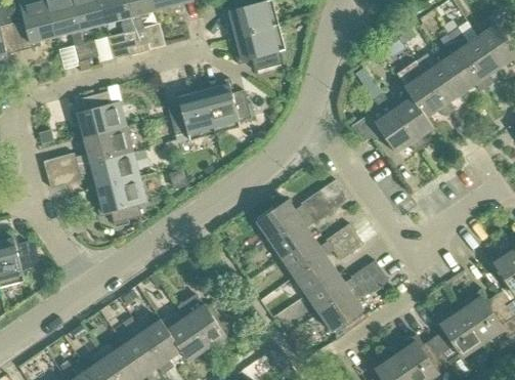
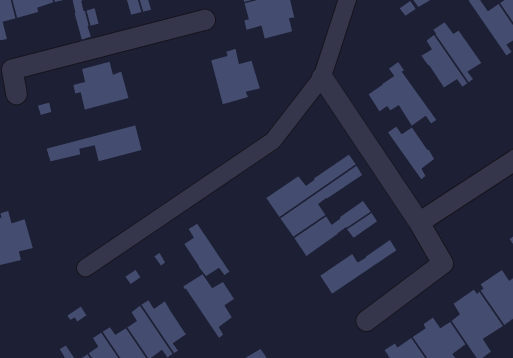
building: [440,41,485,93] -> none
building: [168,90,215,139] -> none
building: [387,95,433,147] -> [387,126,435,181]
building: [44,127,133,174] -> none
building: [96,176,146,223] -> none
building: [295,255,339,295] -> none
building: [319,271,388,332] -> none
building: [167,308,212,361] -> [183,222,231,277]

